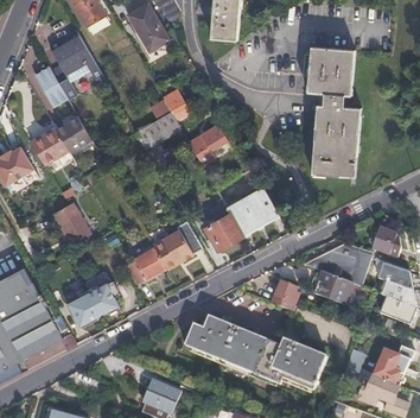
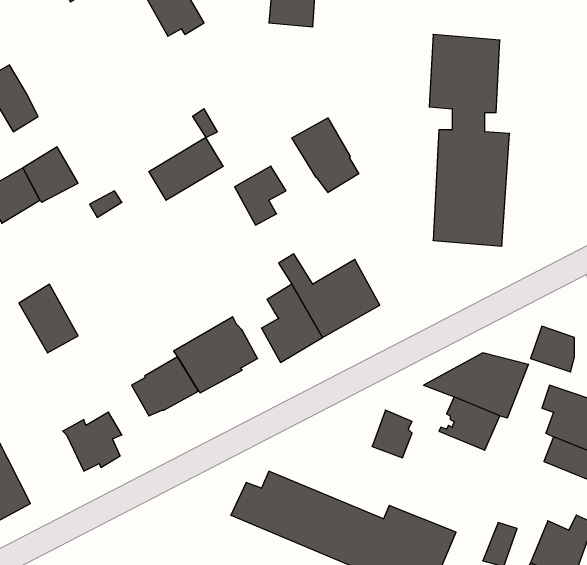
building: [47,30,103,97] -> none
building: none -> [292,118,359,193]
building: [64,294,95,328] -> none

